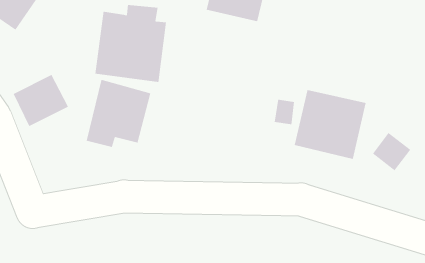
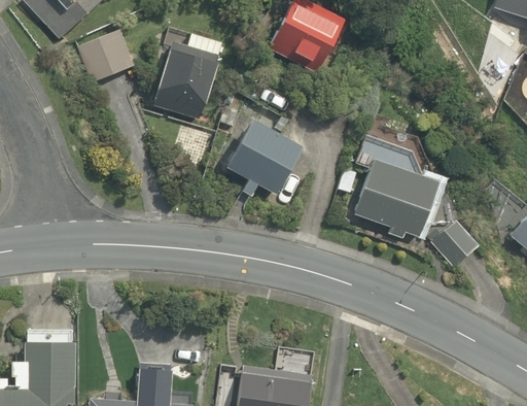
building: [13,74,69,127] -> [72,28,131,81]
building: [86,79,151,148] -> [227,123,308,200]

